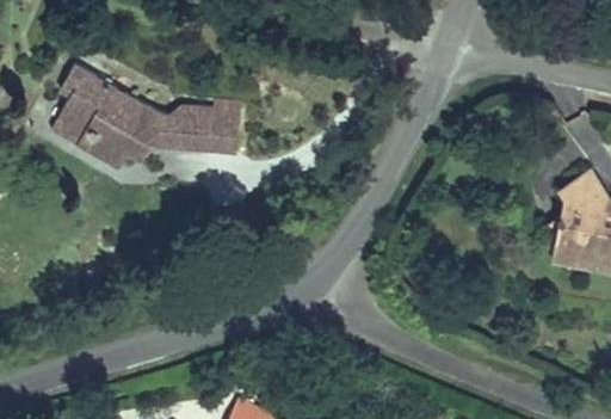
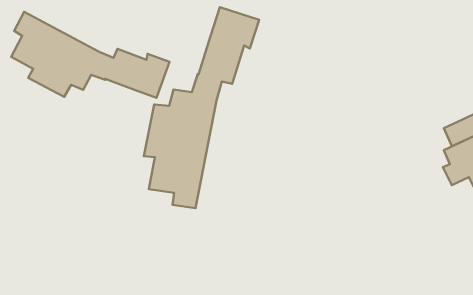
building: none -> [144,7,259,208]

